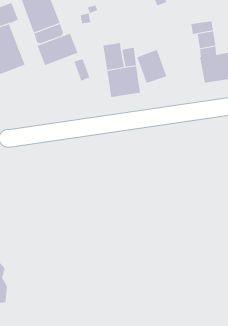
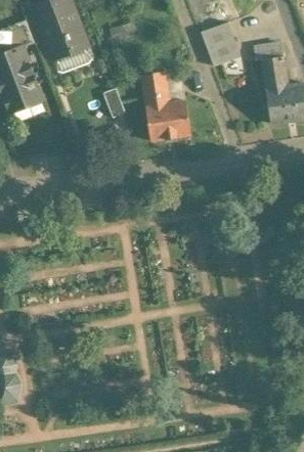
building: [37,33,78,66] -> none
building: [137,49,167,84] -> [202,21,241,65]

